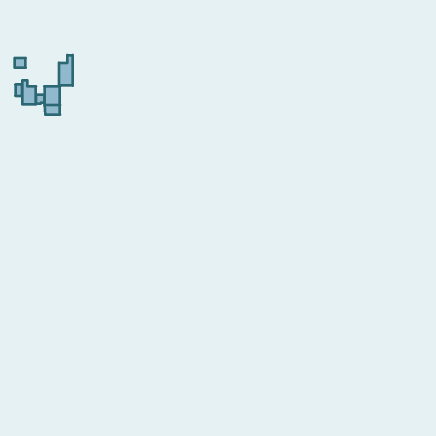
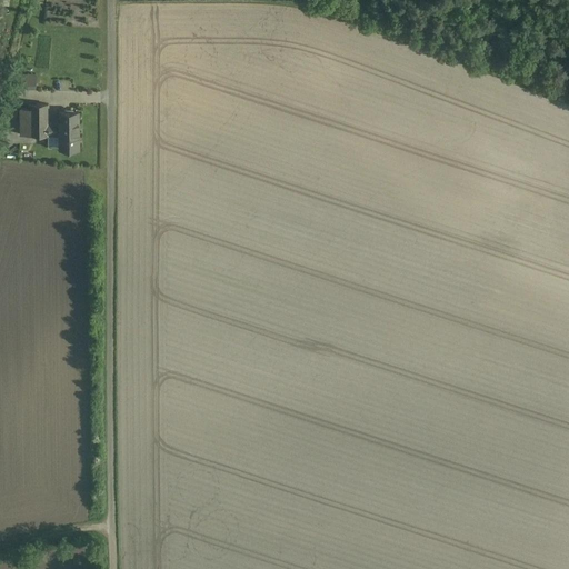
building: [59,55,73,86] -> none

